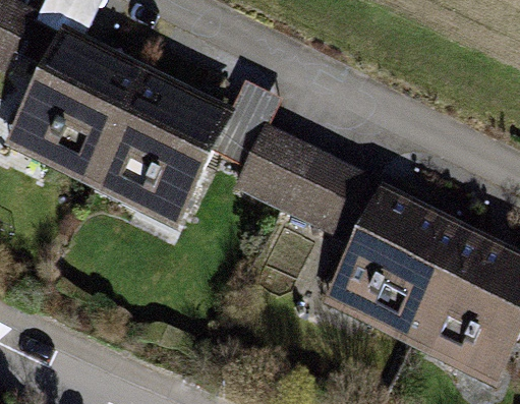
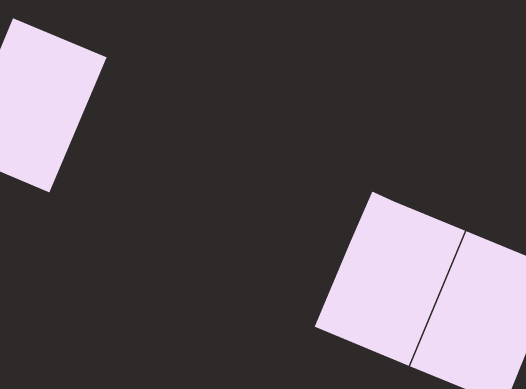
building: [88,68,226,226] -> none
building: [239,127,402,235] -> none

